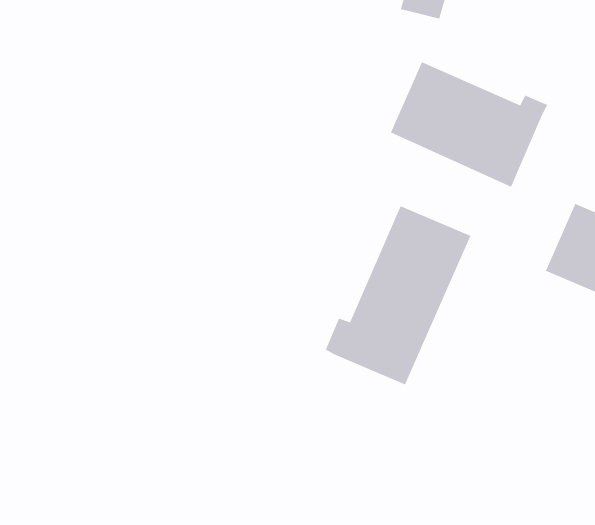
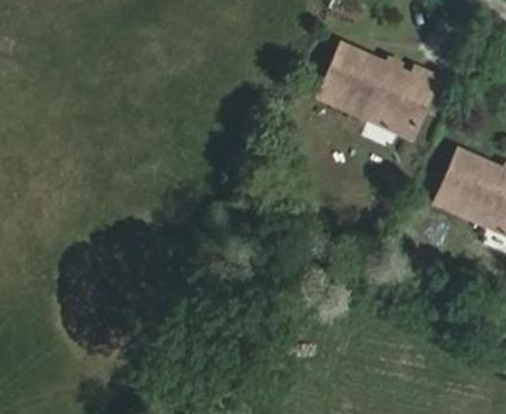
building: [325,205,472,385] -> none

